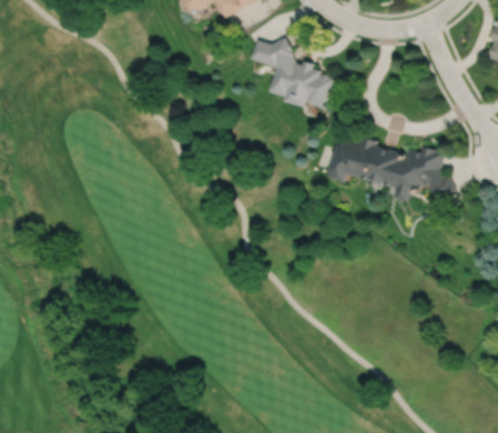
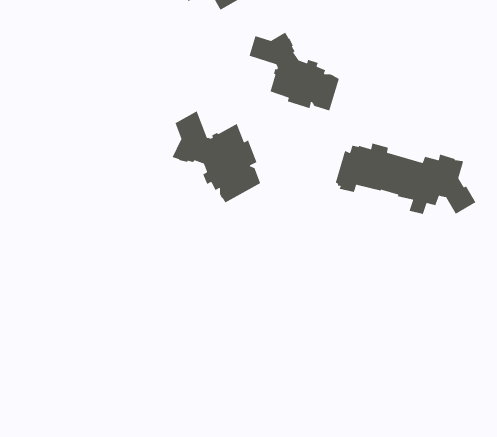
building: none -> [172,110,261,204]

